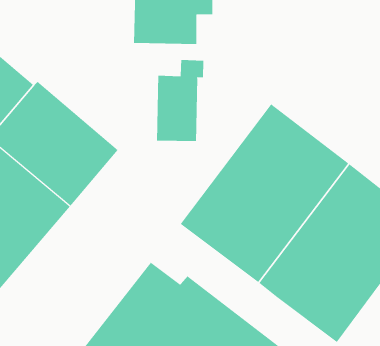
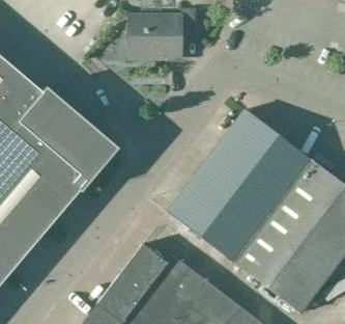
building: [157,59,204,142] -> none

